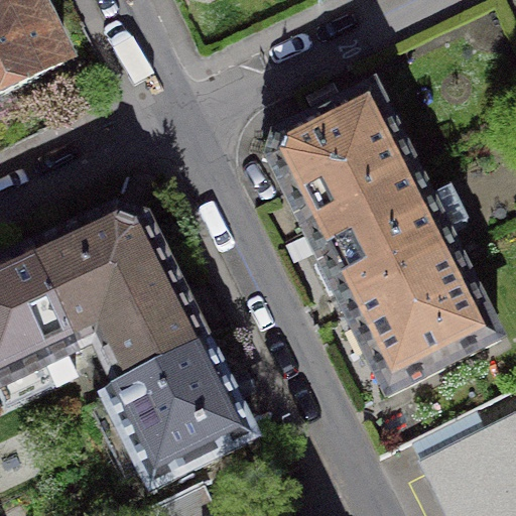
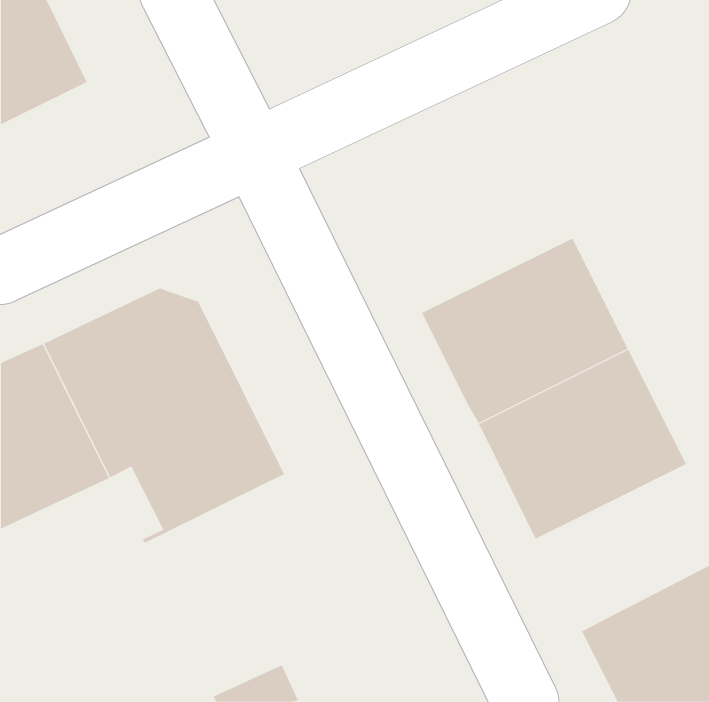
building: [272,89,416,227] -> none
building: [106,344,254,487] -> none

